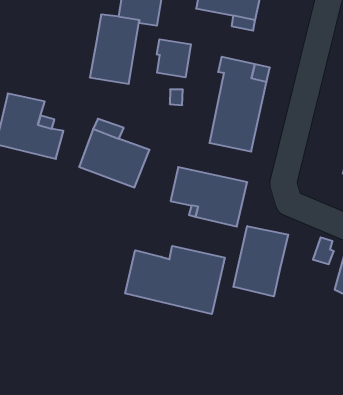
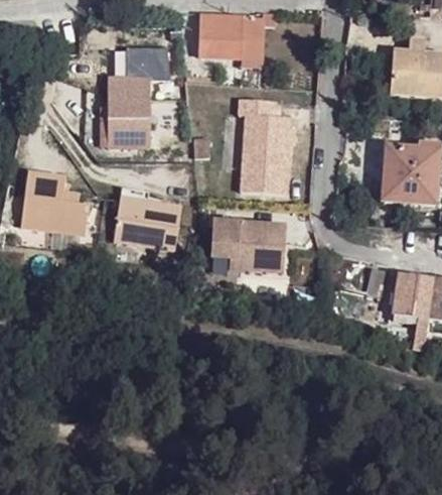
building: [157,39,191,77] -> none
building: [233,226,288,296] -> none
building: [125,246,225,314] -> none

